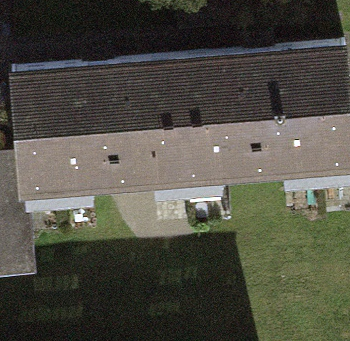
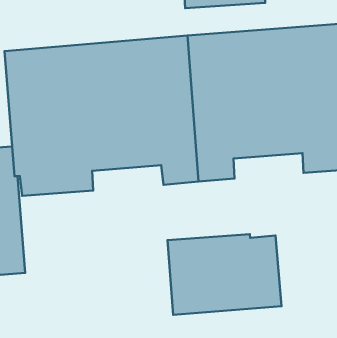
building: none -> [168,234,281,315]

